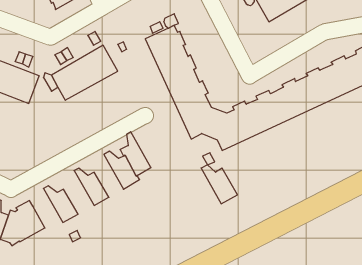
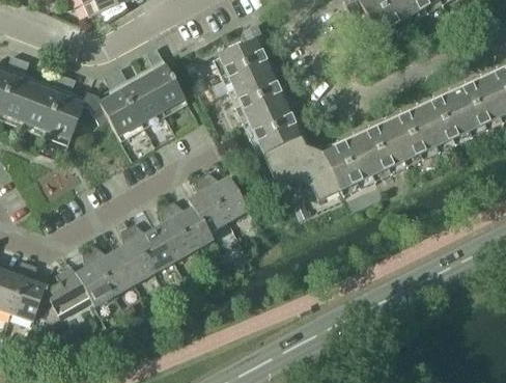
building: none -> [154,206,192,261]
building: [201,165,237,204] -> [201,172,248,222]
building: none -> [115,226,154,282]
building: none -> [76,249,114,304]

